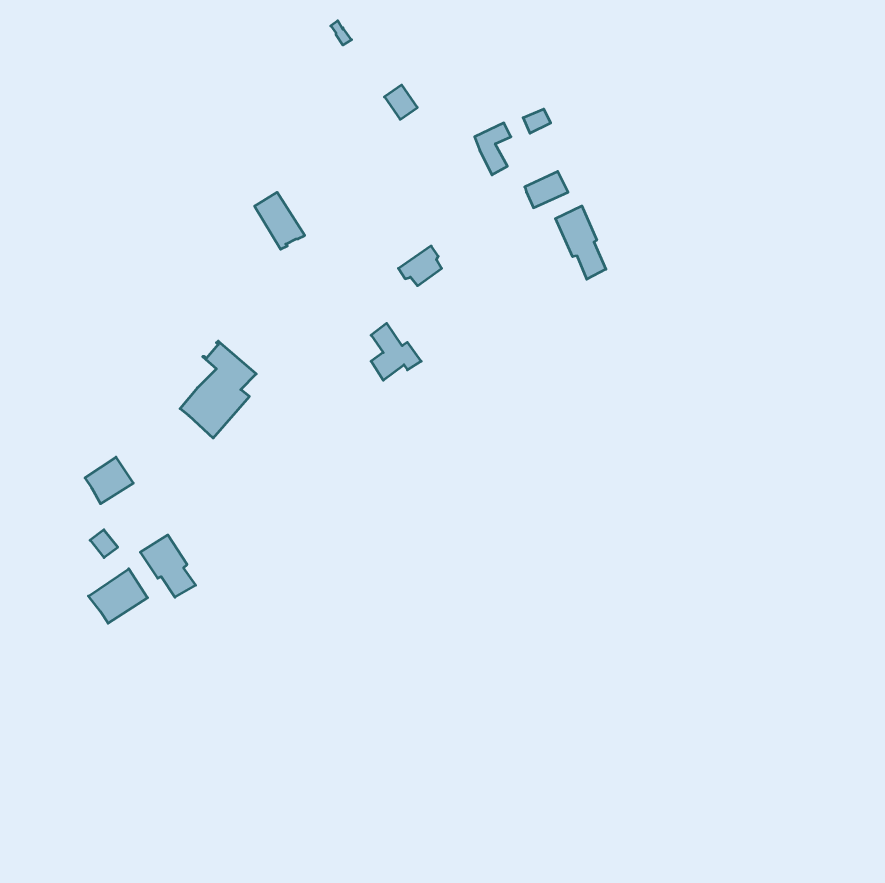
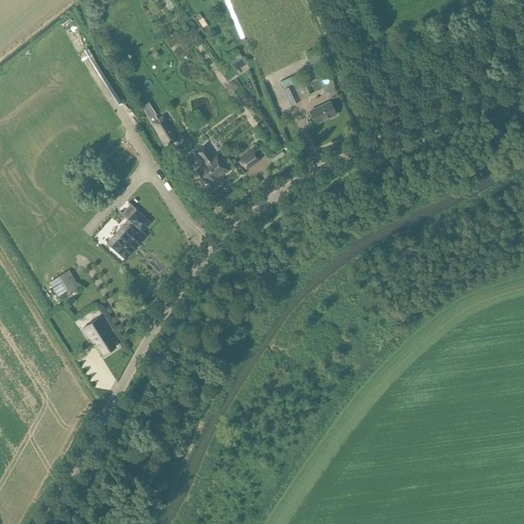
building: [555,206,606,279] -> none
building: [371,323,421,380] -> [198,147,227,181]
building: [88,569,148,623] -> none

